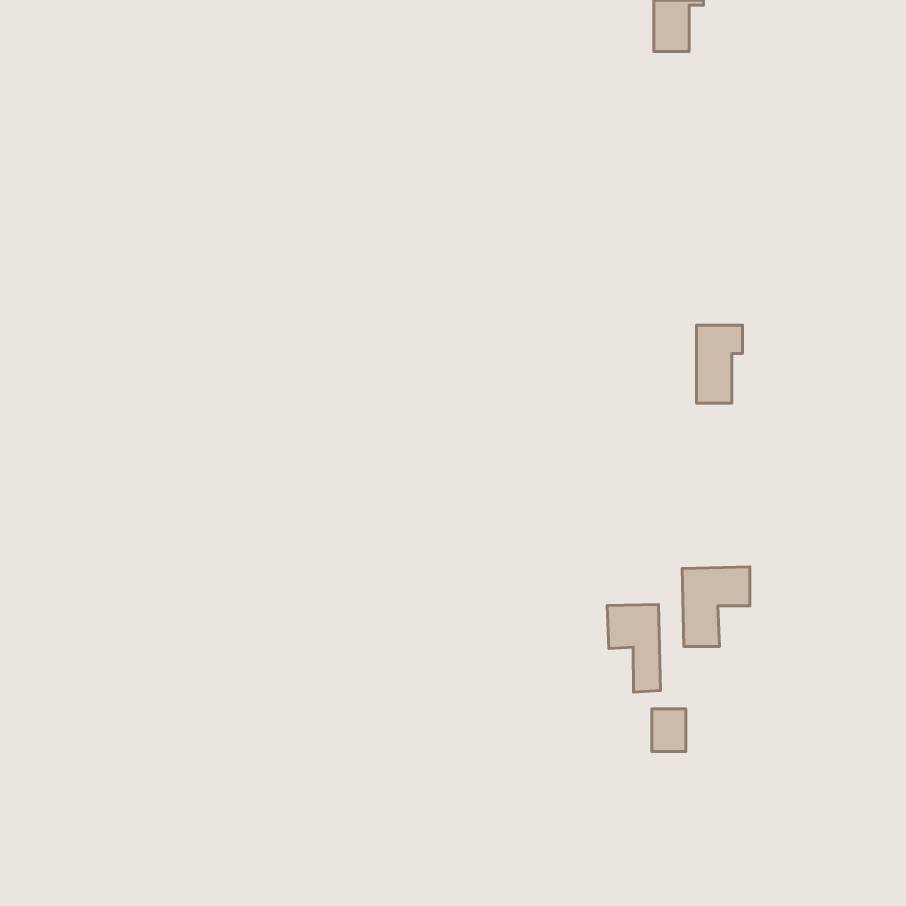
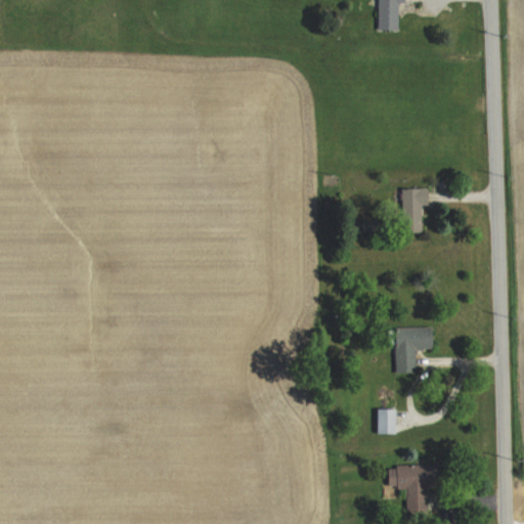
building: [607,605,661,692] -> none
building: none -> [389,466,434,513]

